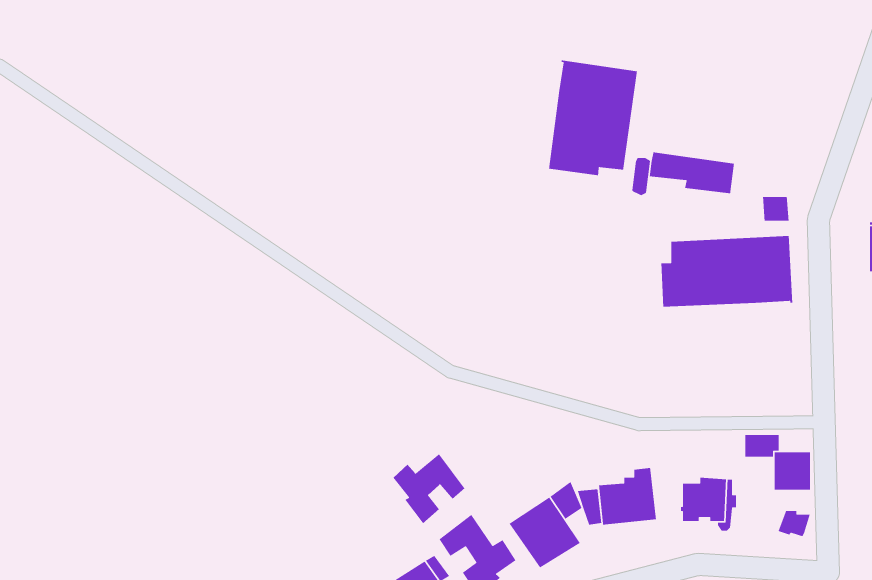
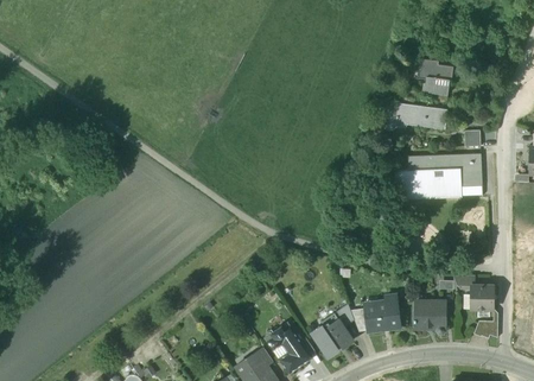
building: [548,59,638,176] -> none
building: none -> [419,58,453,95]
building: [392,453,465,524] -> none

